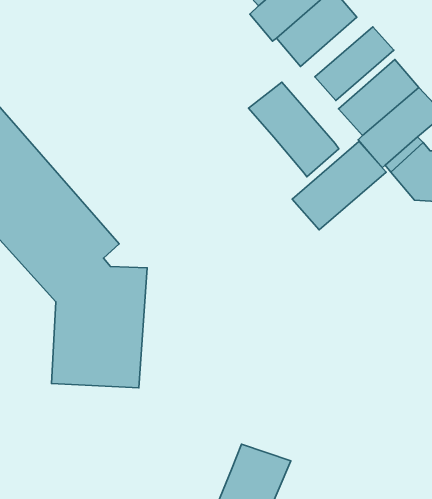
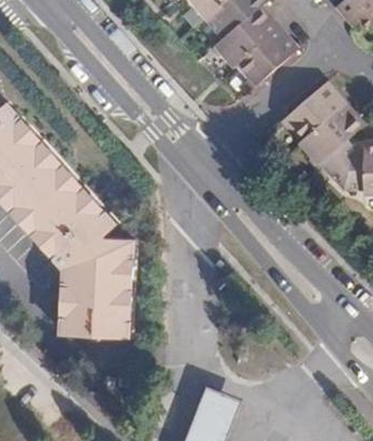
building: [315,27,394,100] -> none
building: [248,82,339,177] -> none
building: [292,142,386,230] -> none

